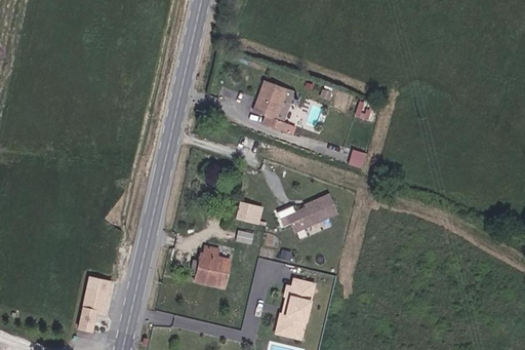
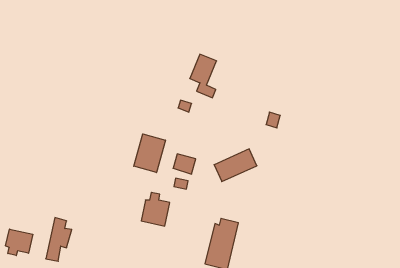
building: none -> [134,134,165,173]
building: none -> [6,229,33,256]

